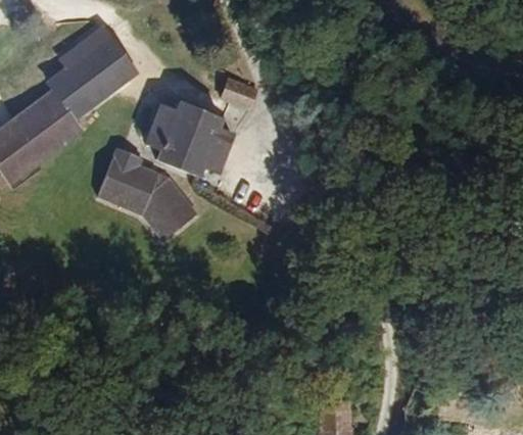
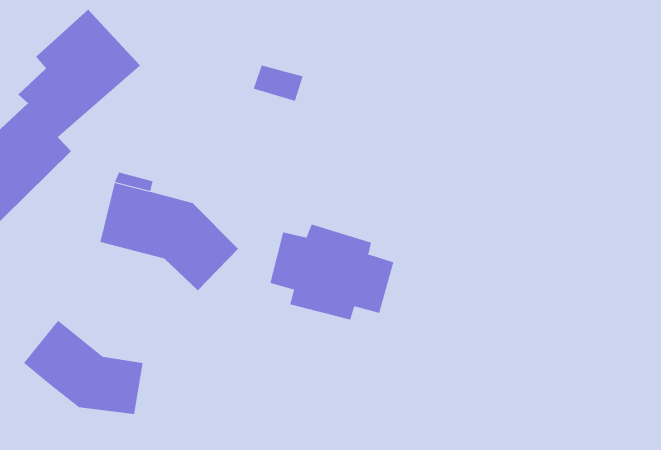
building: [144,104,236,178] -> [270,224,394,320]
building: none -> [23,320,143,415]

